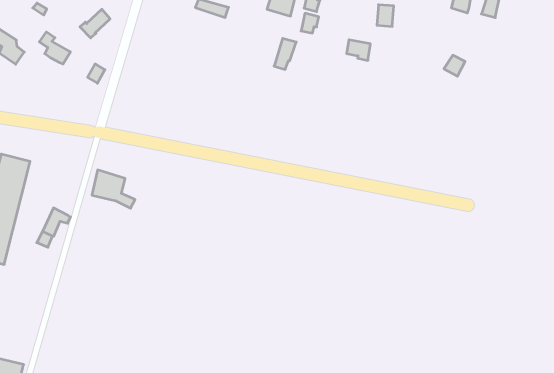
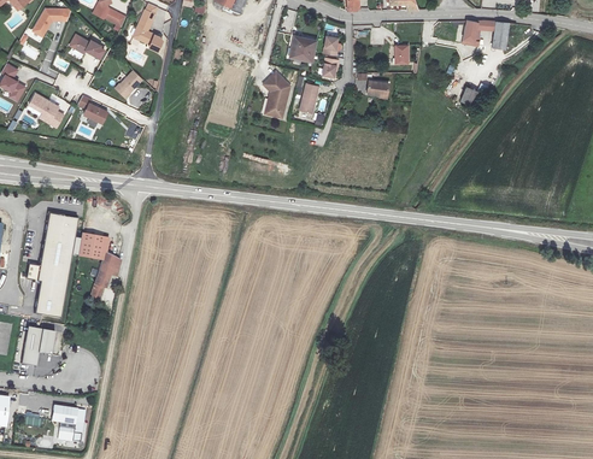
building: none -> [263,71,290,117]
building: [92,170,135,208] -> [80,231,121,265]

